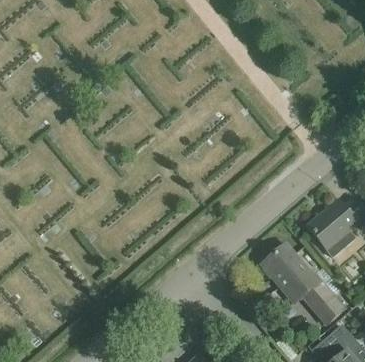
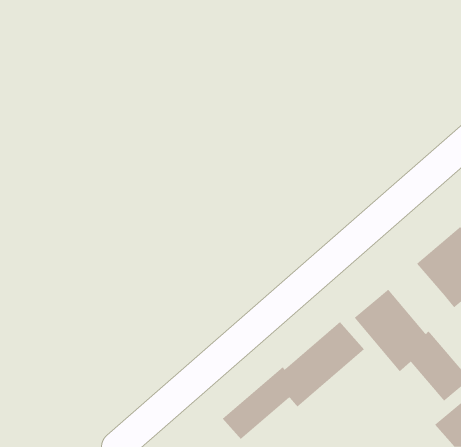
building: none -> [222,321,365,440]

